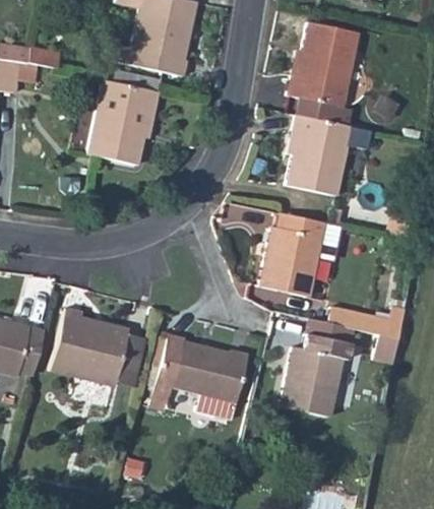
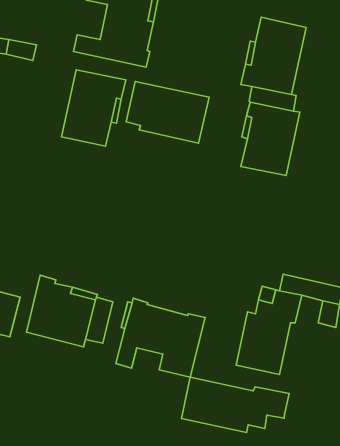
building: none -> [126,81,209,143]
building: [258,213,340,297] -> none
building: none -> [181,377,289,433]

